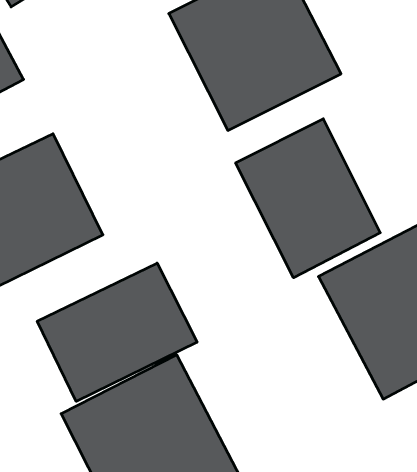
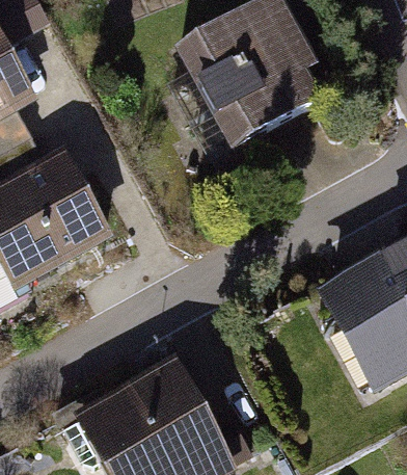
building: [236,119,380,278] -> none
building: [37,263,197,401] -> none

